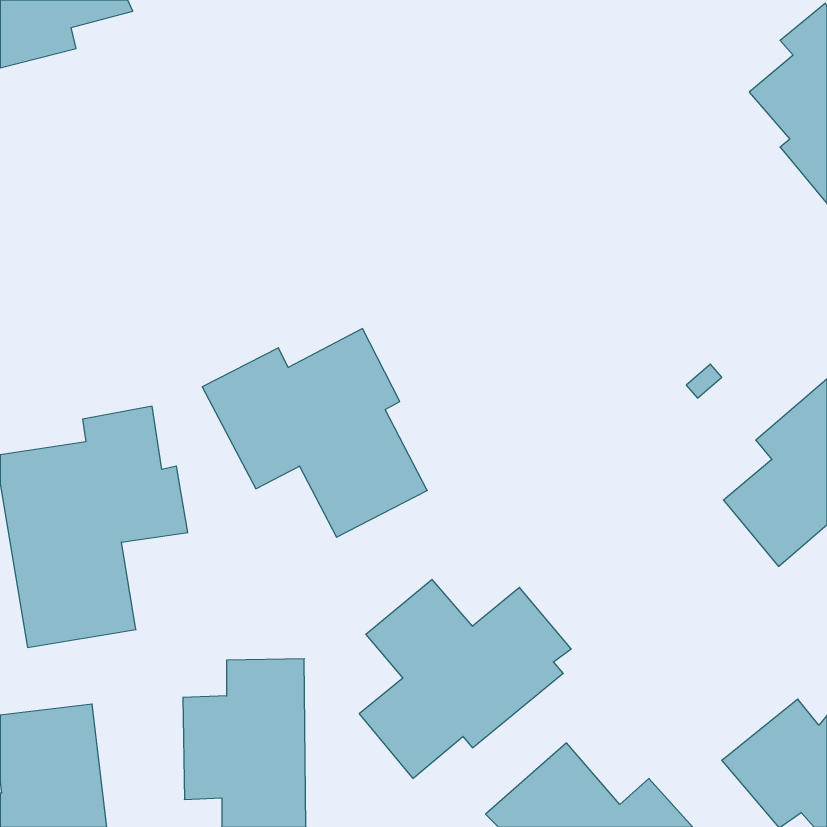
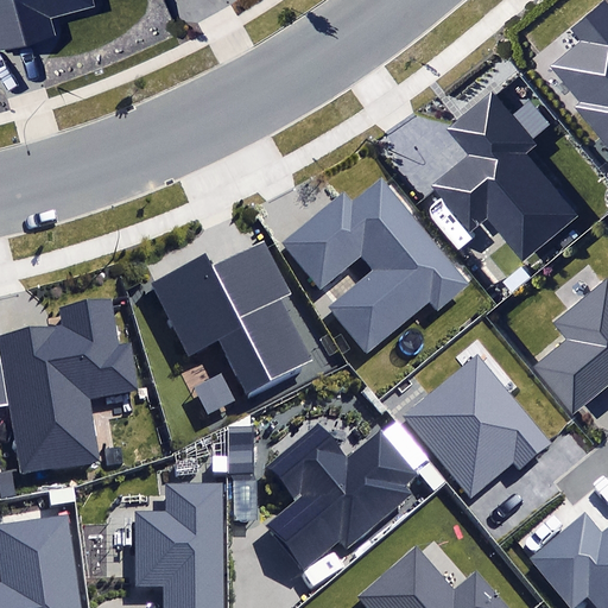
building: none -> [431,91,577,260]
building: none -> [283,176,471,355]
building: none -> [403,354,551,496]

